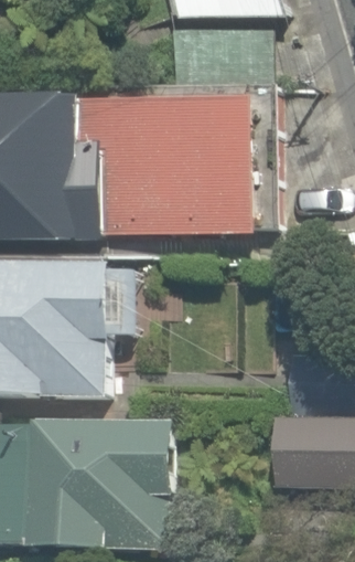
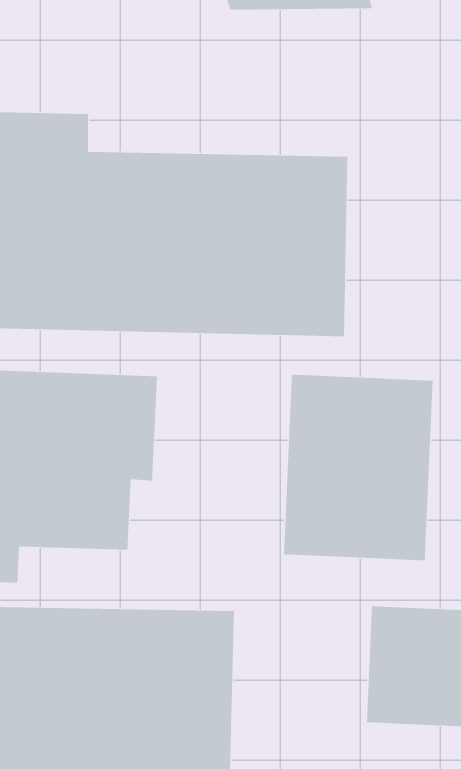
building: none -> [283,374,433,561]

